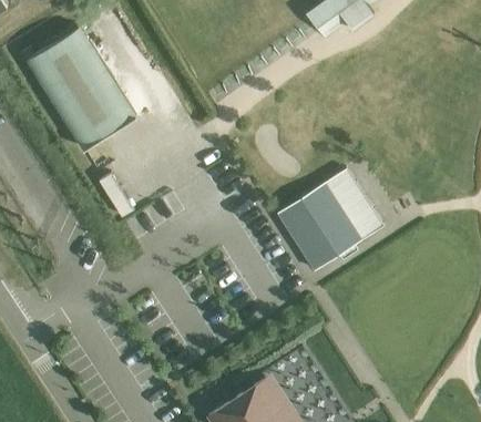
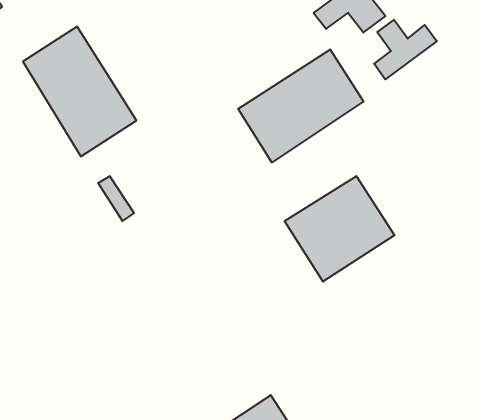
building: none -> [374,20,437,79]
building: none -> [238,49,363,162]

